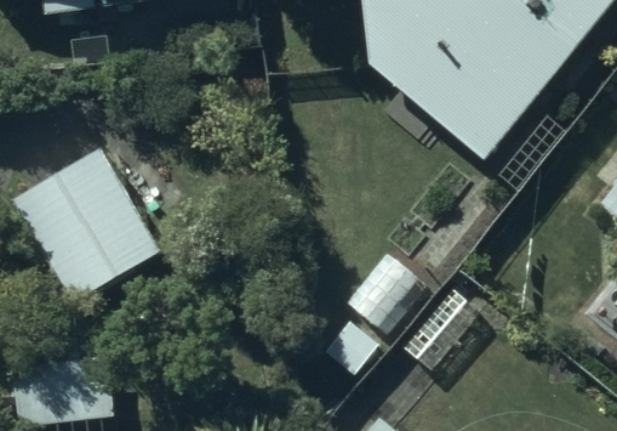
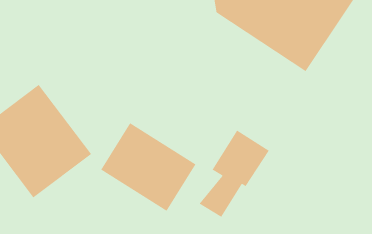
building: none -> [100,122,196,212]

